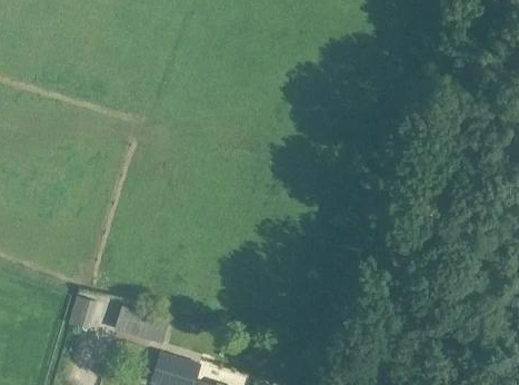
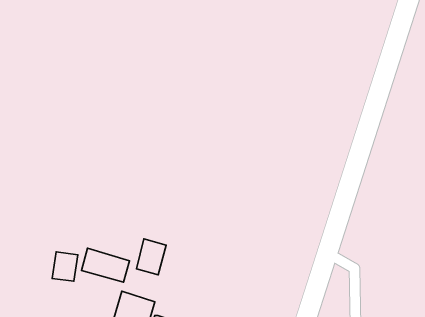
building: none -> [136,239,166,275]

